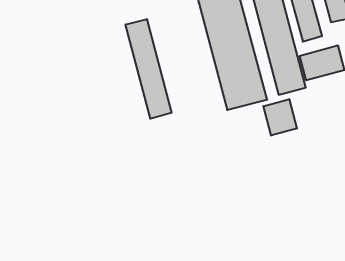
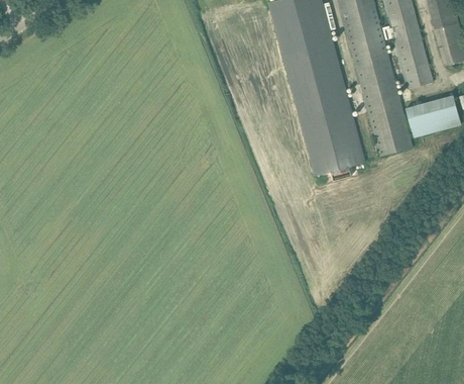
building: [126,19,171,119] -> none
building: [263,99,297,136] -> none

